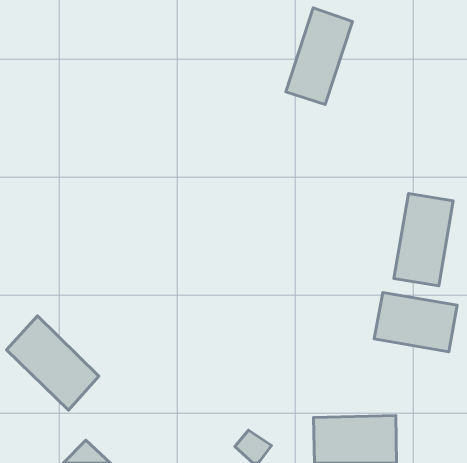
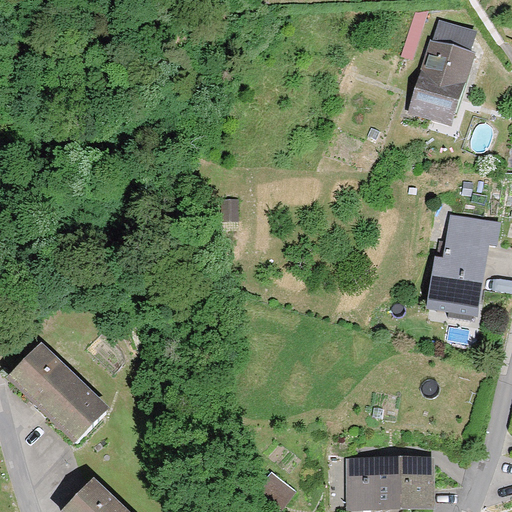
building: [286,8,353,105] -> [408,19,481,125]
building: [374,292,457,352] -> none

